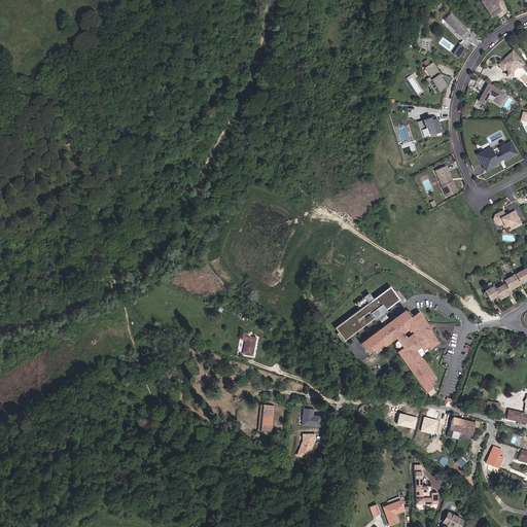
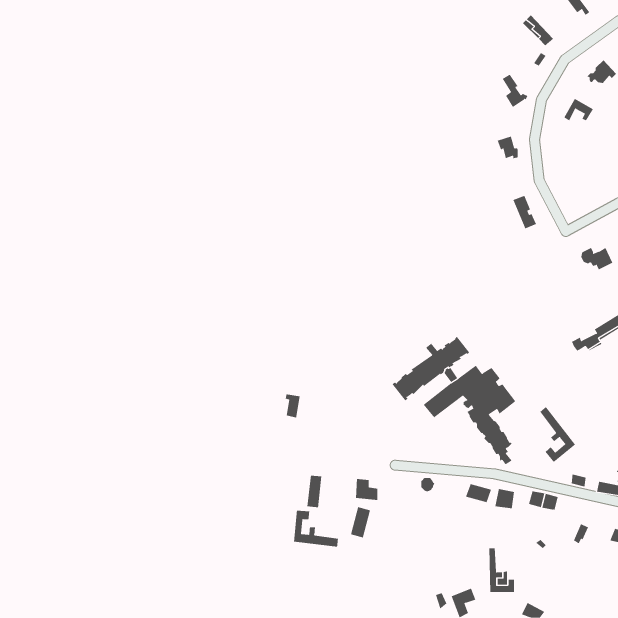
building: [479,141,518,170] -> none
building: none -> [540,406,576,463]
building: none -> [294,510,339,547]

